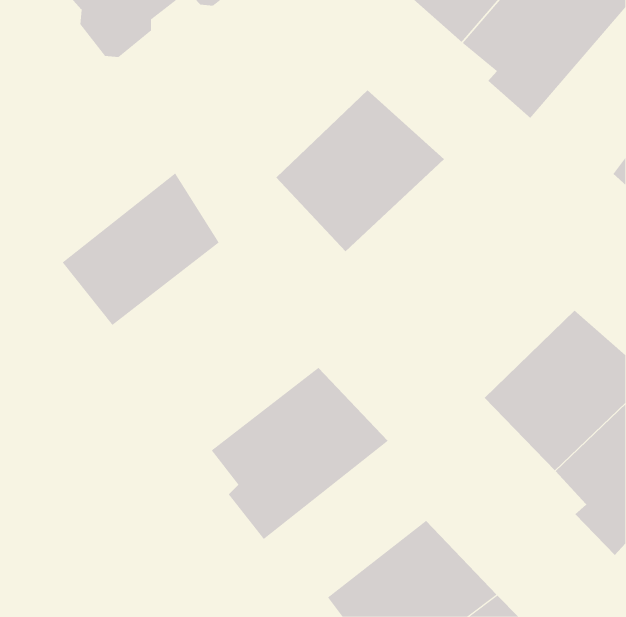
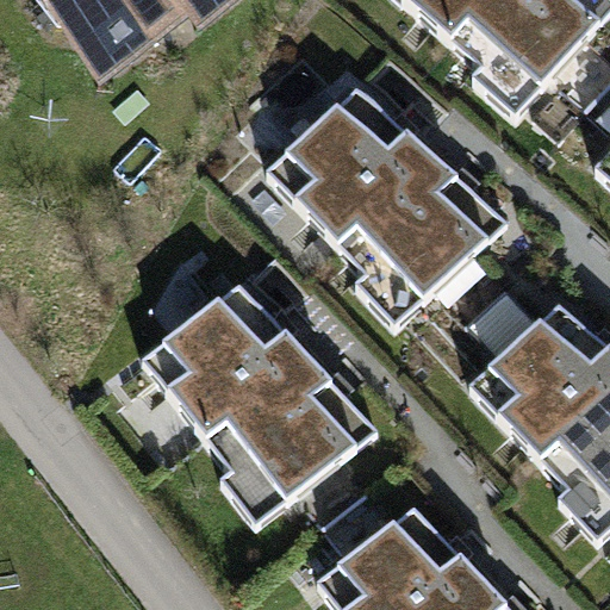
building: none -> [336,155,508,326]
building: [62,172,220,326] -> none
building: none -> [143,284,310,438]

